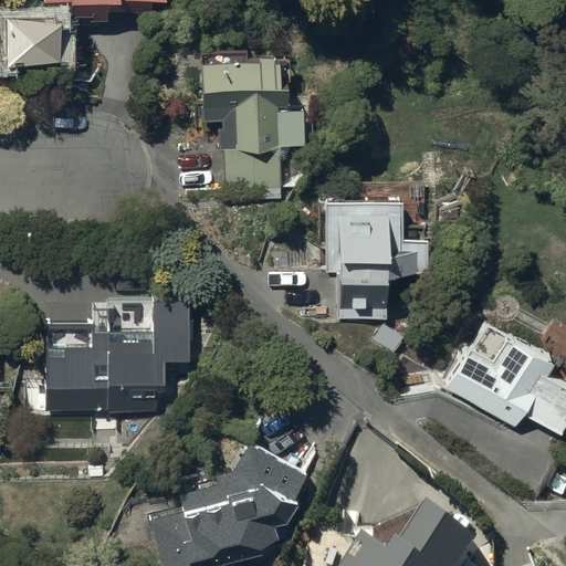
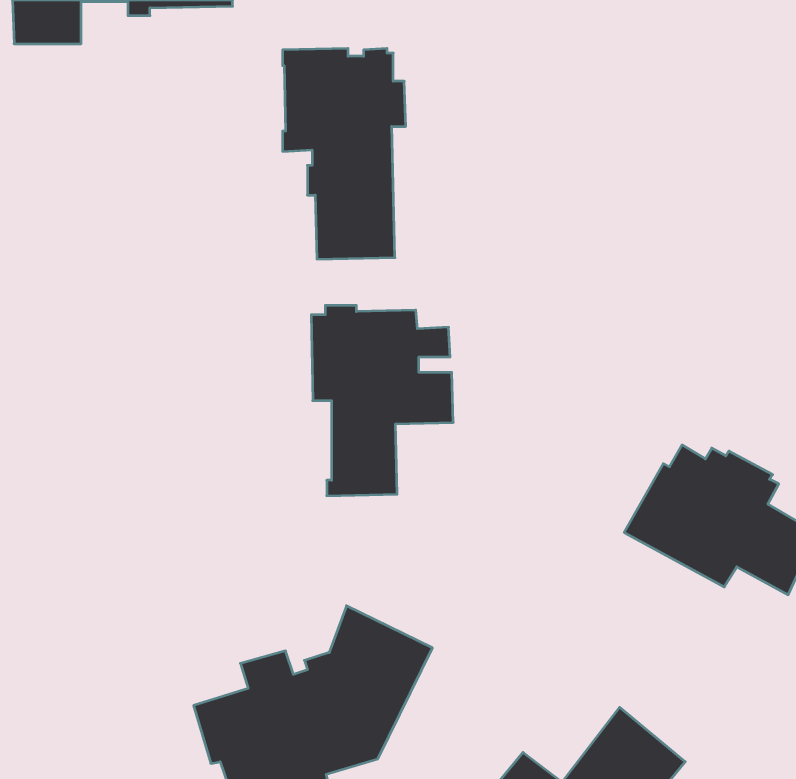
building: [326,191,427,326] -> [311,305,453,496]
building: [46,300,193,416] -> none

